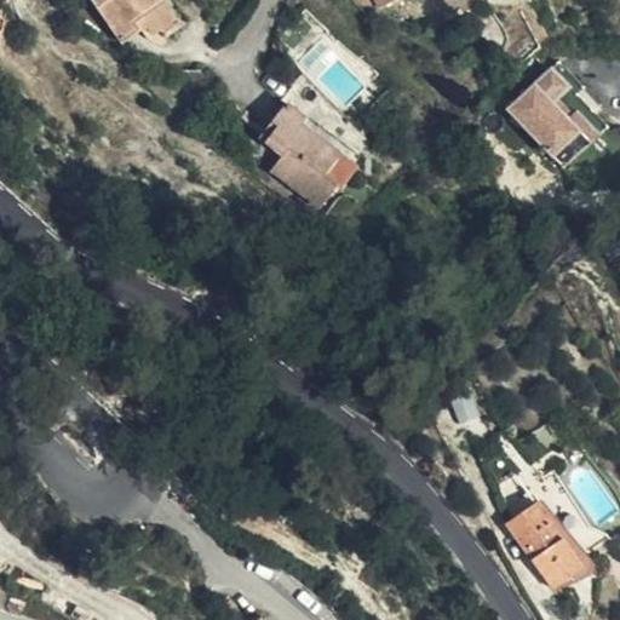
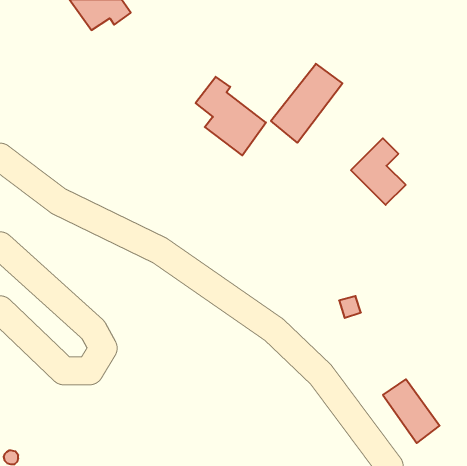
building: [511,70,584,159] -> [351,138,406,205]
building: none -> [271,64,342,143]

